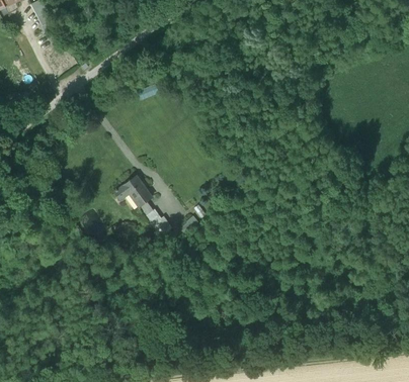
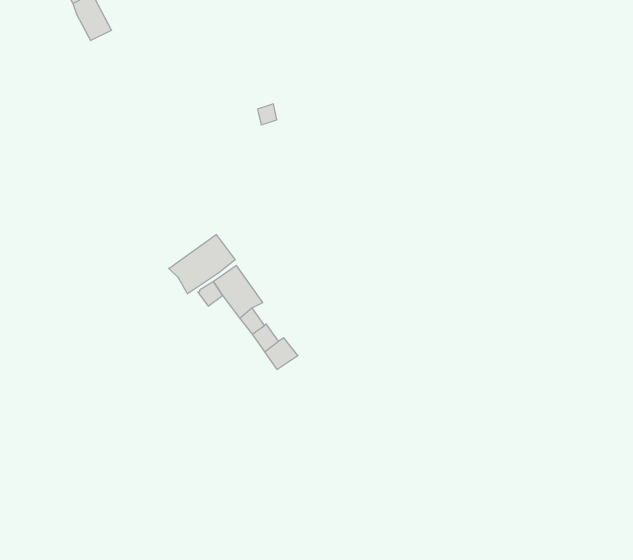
building: none -> [169,235,235,294]

